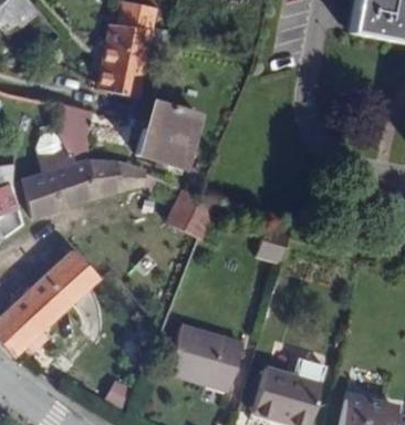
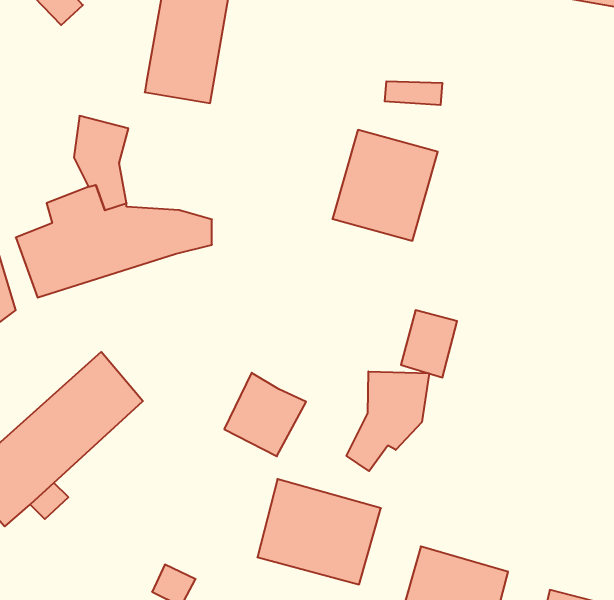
building: [137,101,201,168] -> [332,130,438,241]
building: [168,188,218,239] -> [224,373,306,456]
building: none -> [346,371,429,471]

